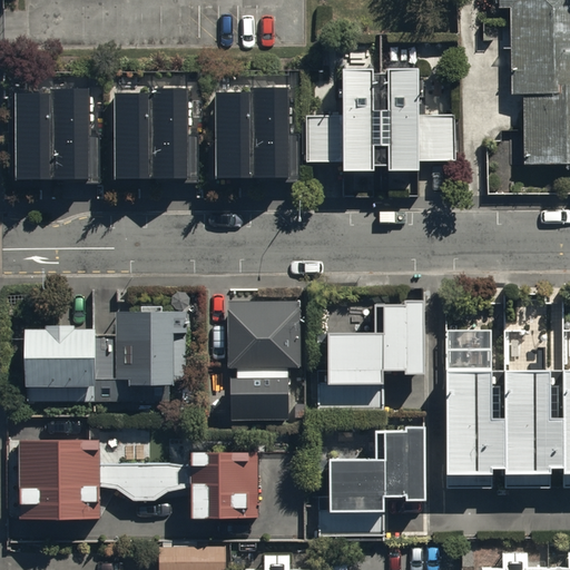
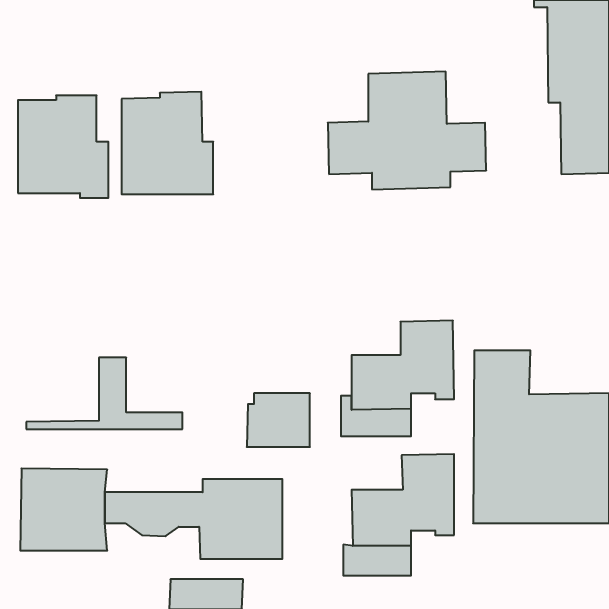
building: [215,85,299,181] -> none
building: [230,302,301,367] -> none
building: [118,311,188,385] -> none
building: [24,328,92,394] -> none

